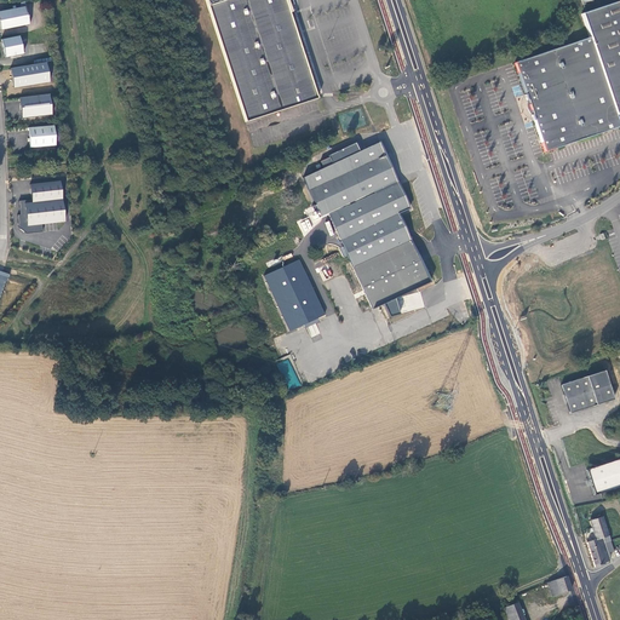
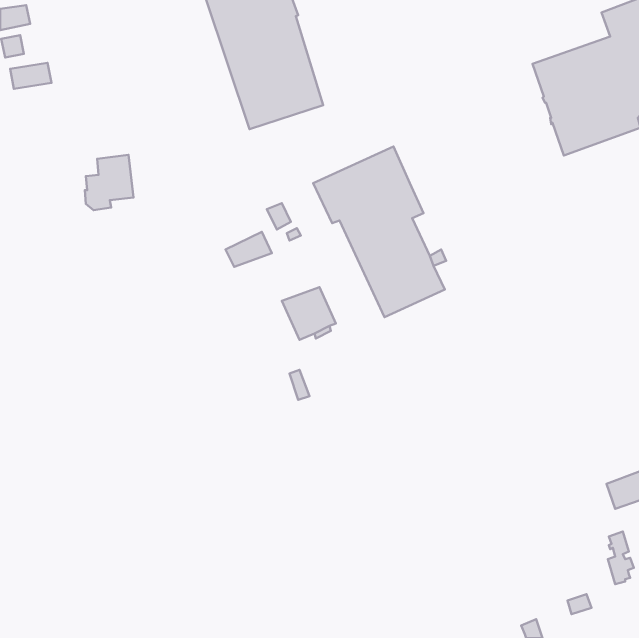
building: [21,92,53,117] -> none
building: [29,124,57,147] -> none
building: [19,179,67,232] -> [85,155,134,210]
building: [265,257,310,291] -> [226,232,272,267]
building: [561,369,614,412] -> none

